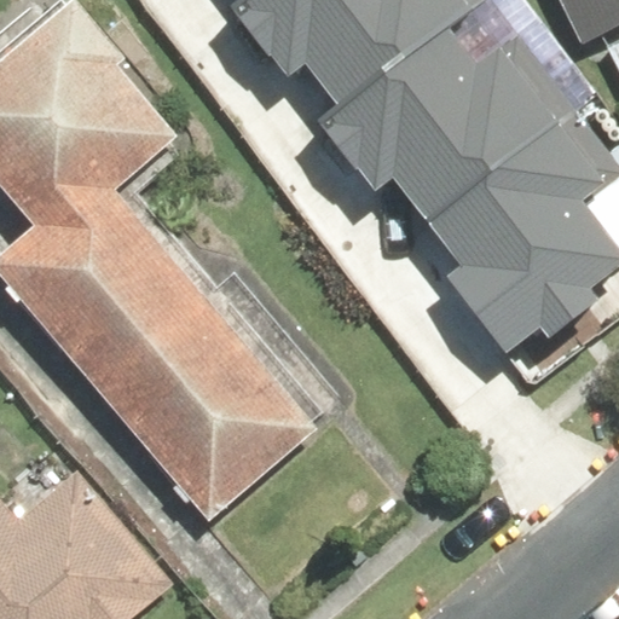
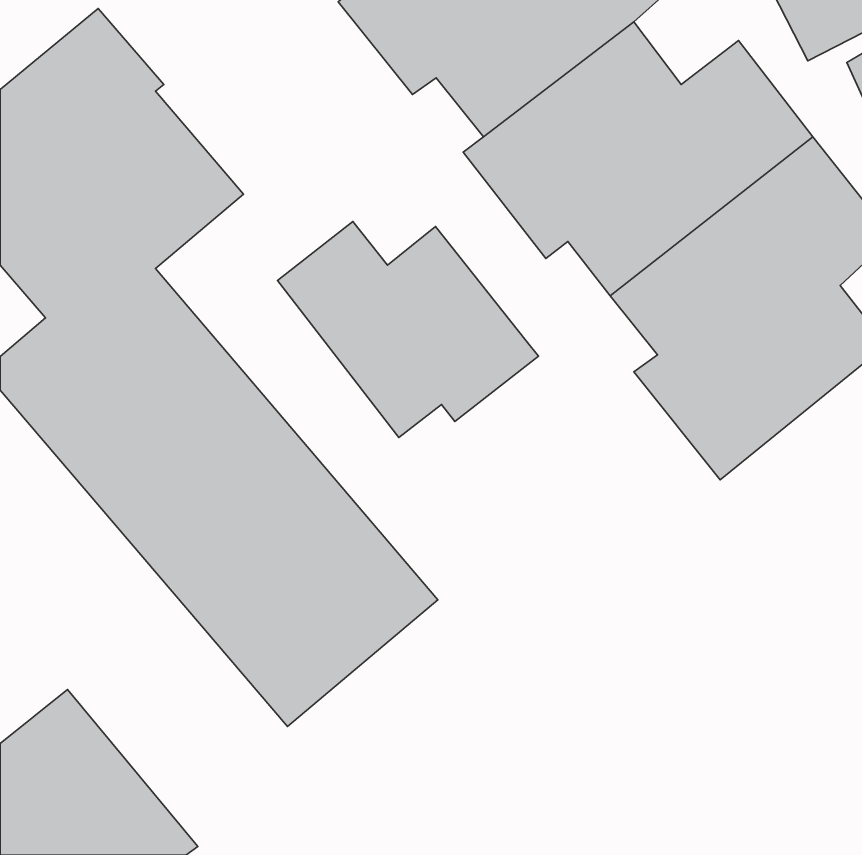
building: none -> [277,221,539,438]

